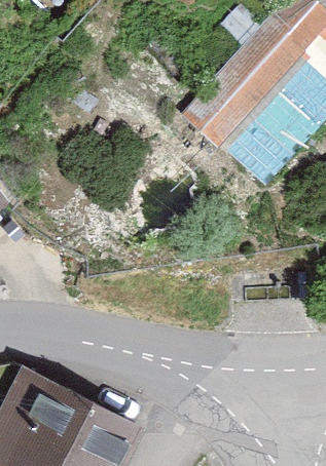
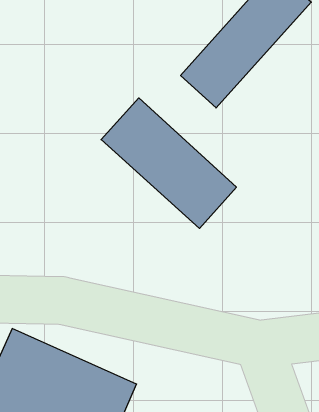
building: none -> [101,98,236,228]

